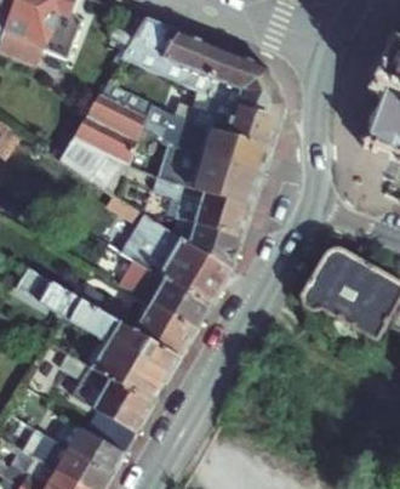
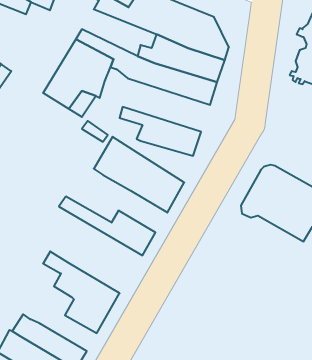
building: [152,141,262,206] -> none
building: [173,217,241,268] -> none
building: [118,258,210,329] -> none
building: [15,267,179,403] -> none
building: [53,419,124,473] -> none

